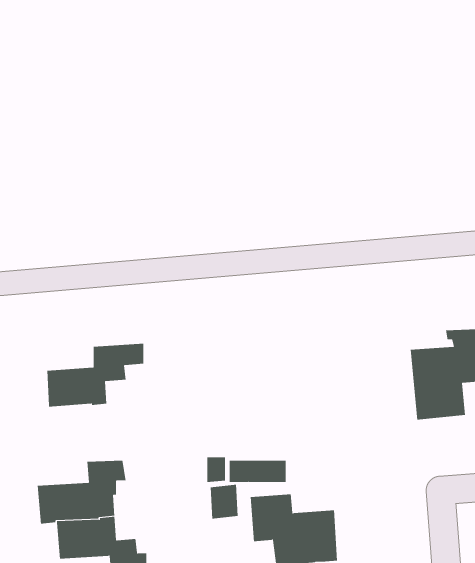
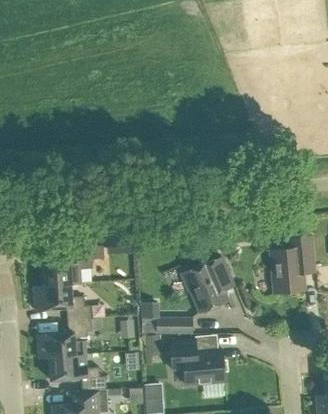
building: none -> [183,256,235,312]
building: none -> [34,283,92,319]

